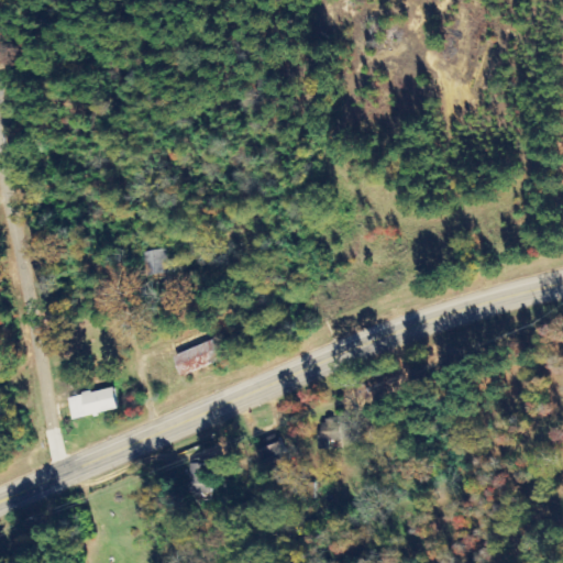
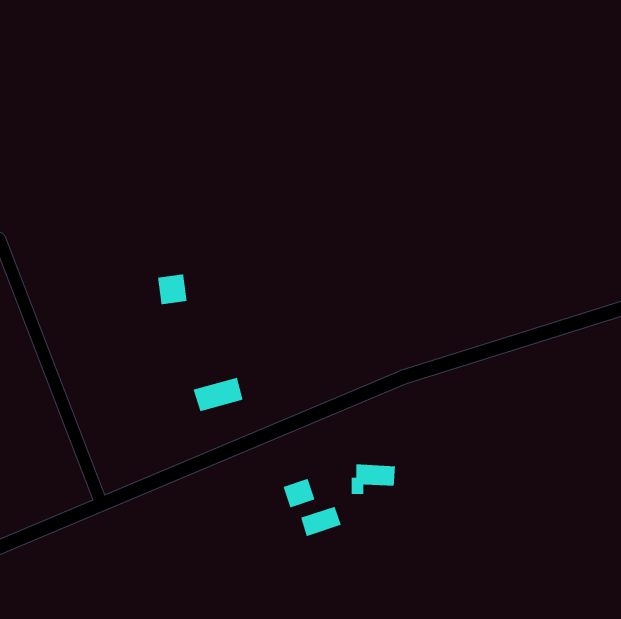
building: [67,386,118,419] -> none
building: none -> [300,506,342,537]

